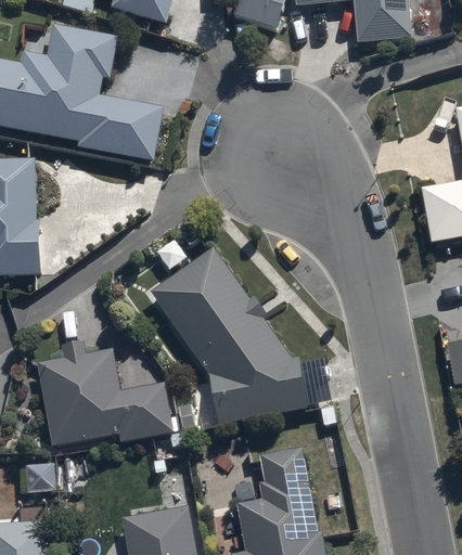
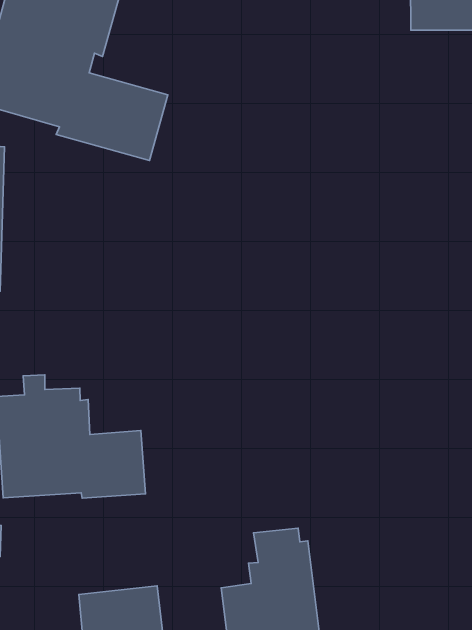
building: [151,247,309,425] -> none

